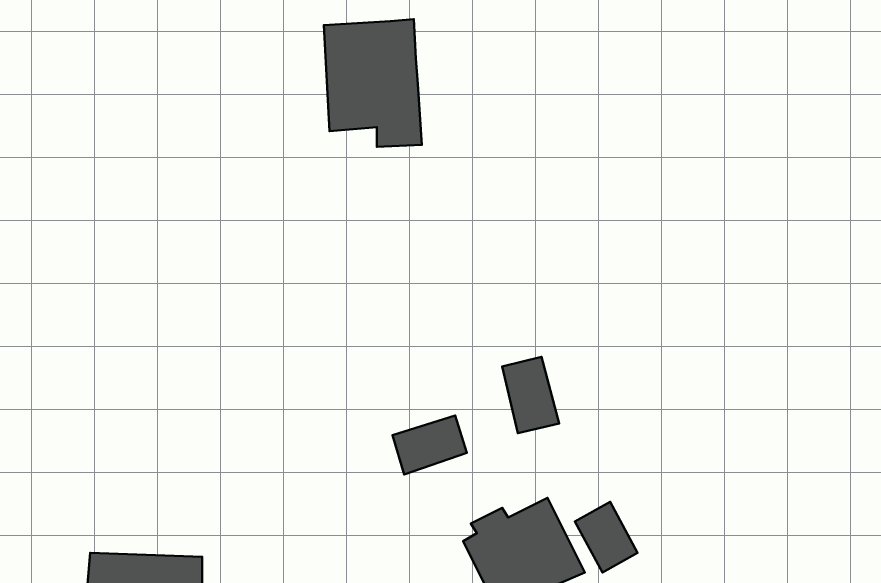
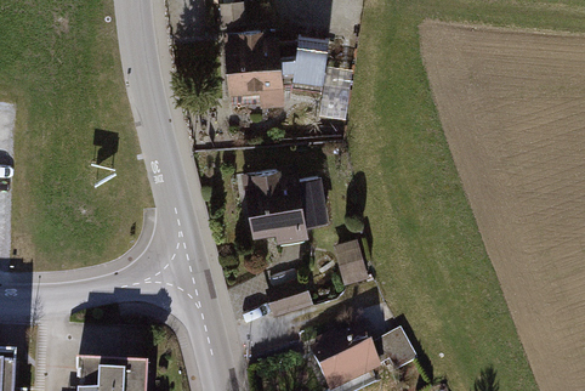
building: none -> [280,35,328,91]
building: none -> [239,166,328,242]

